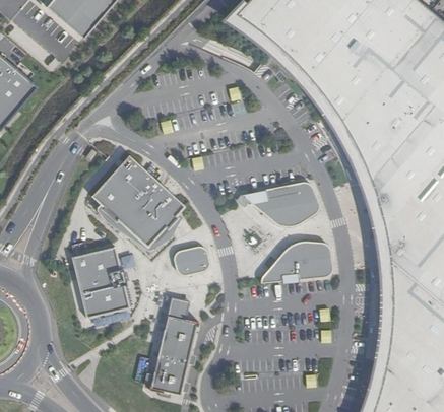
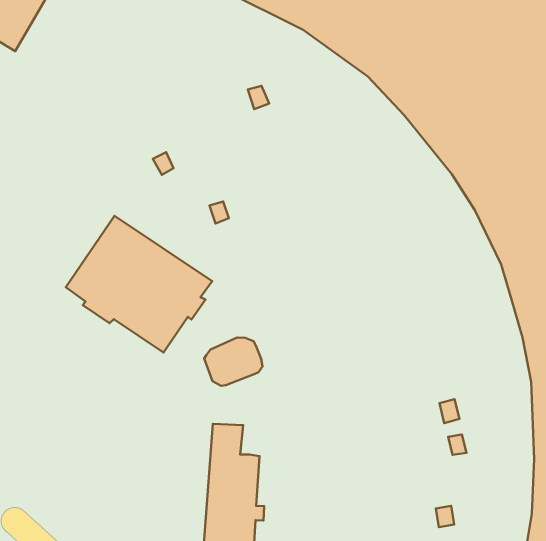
building: [242,181,320,226] -> none
building: [262,242,333,284] -> none
building: [73,247,131,319] -> none

